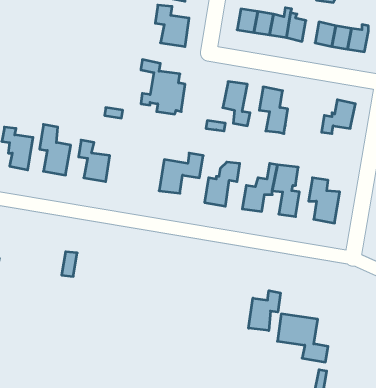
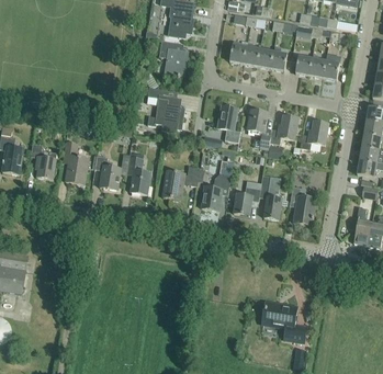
building: none -> [269,114,297,143]
building: none -> [126,150,149,193]
building: [249,291,280,331] -> none

